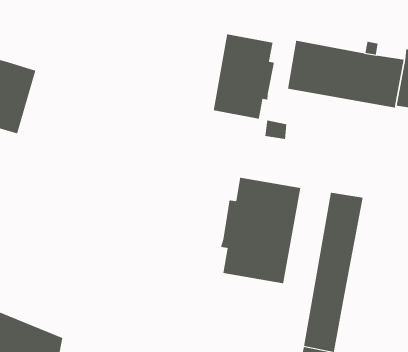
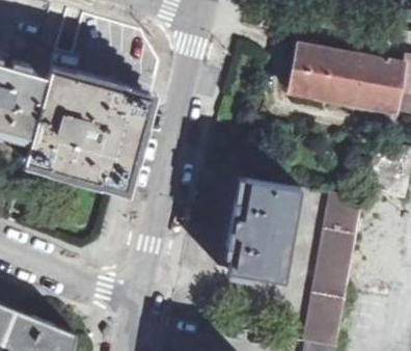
building: [213,34,274,119] -> none
building: none -> [24,70,148,186]

